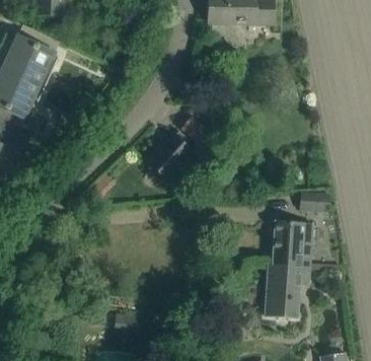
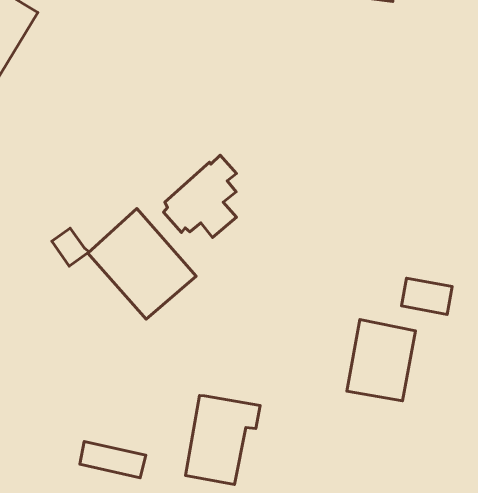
building: none -> [88,208,196,319]
building: [266,264,306,315] -> [185,395,260,484]

